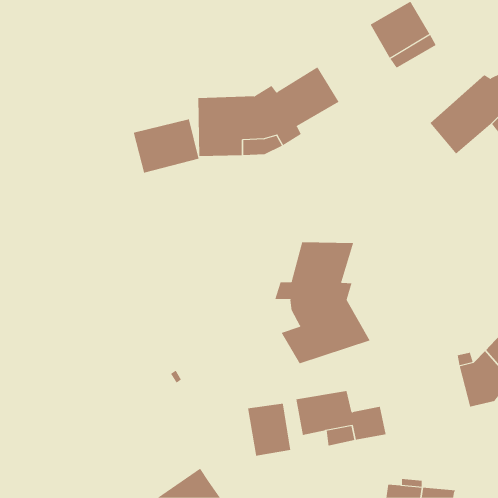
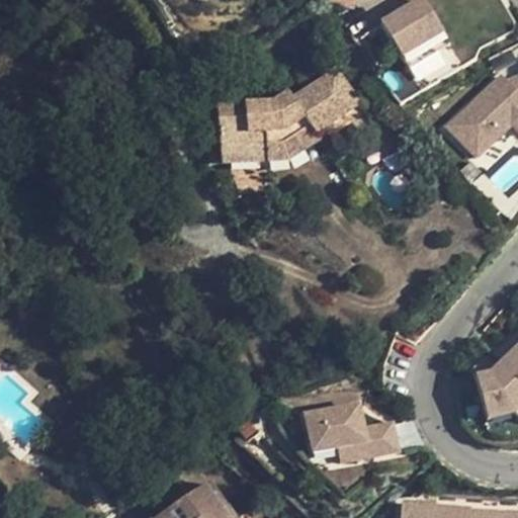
building: [133,118,199,173] -> none
building: [274,241,370,364] -> none
building: [248,403,291,456] -> none

